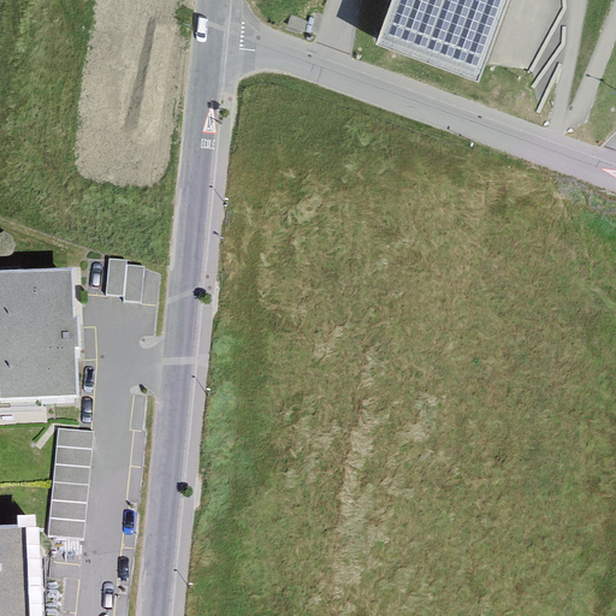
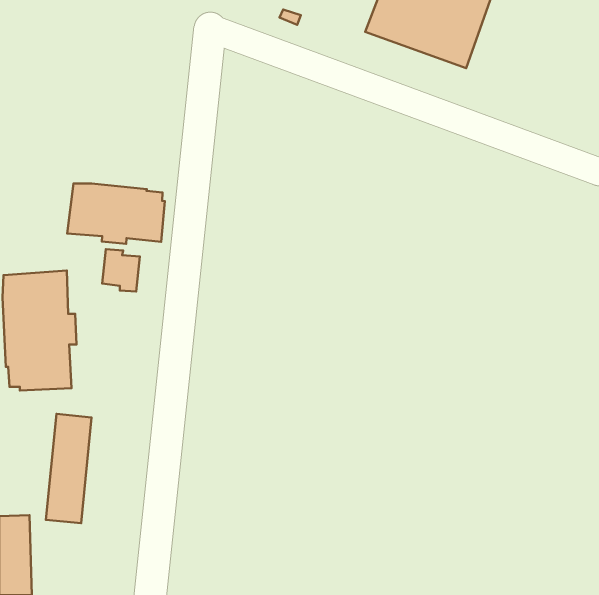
building: none -> [67,183,165,244]

